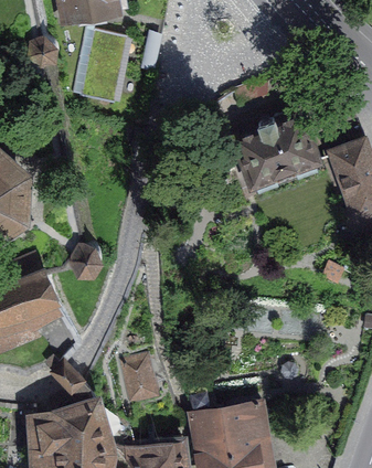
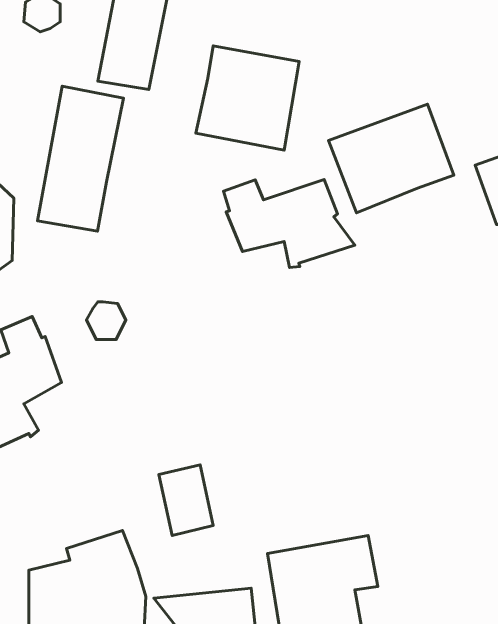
building: none -> [196,46,299,150]
building: none -> [37,86,123,231]
building: none -> [224,180,355,267]

